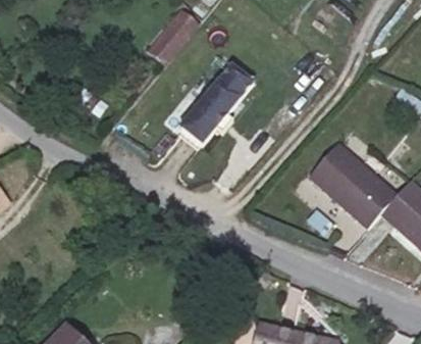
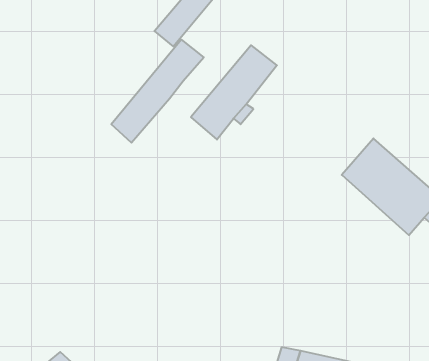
building: none -> [111,40,204,143]

